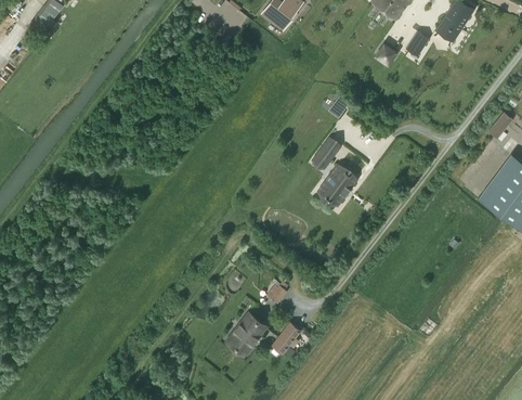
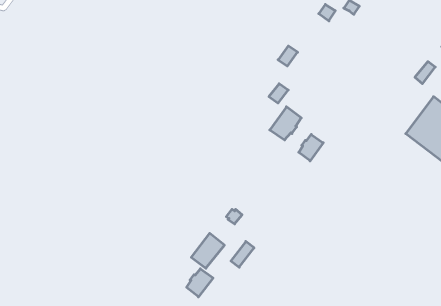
building: none -> [299,134,323,161]
building: none -> [187,269,213,297]

